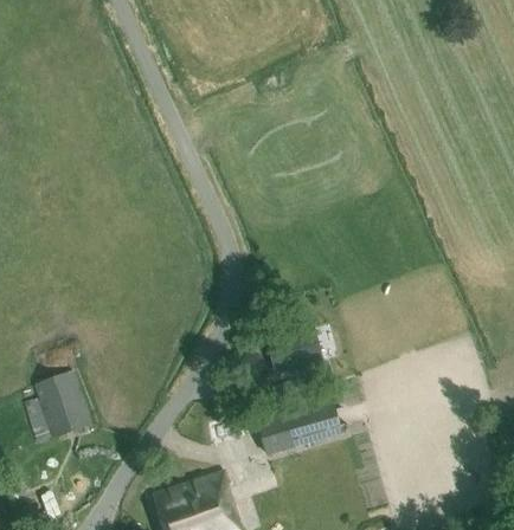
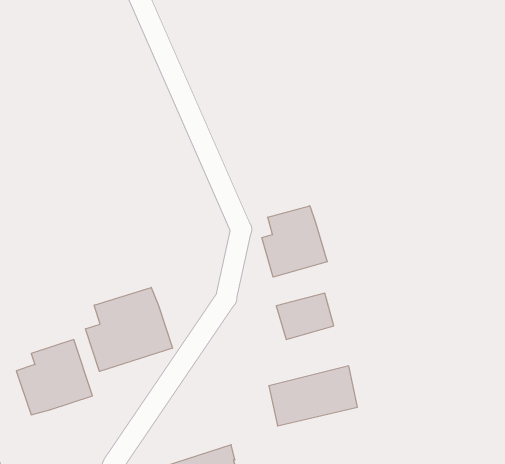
building: none -> [262,206,327,277]
building: none -> [86,287,172,371]

